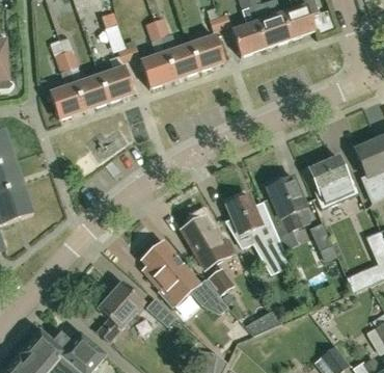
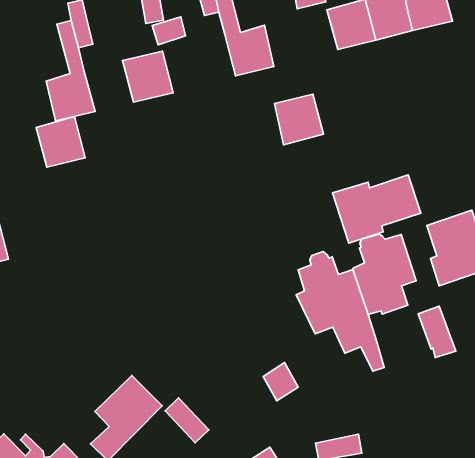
building: [191,35,225,71] -> [274,94,324,145]
building: [140,52,174,87] -> none
building: [74,75,108,110] -> [36,116,85,167]
building: none -> [332,175,421,243]
building: [181,215,236,268] -> none
building: [142,242,227,314] -> none

